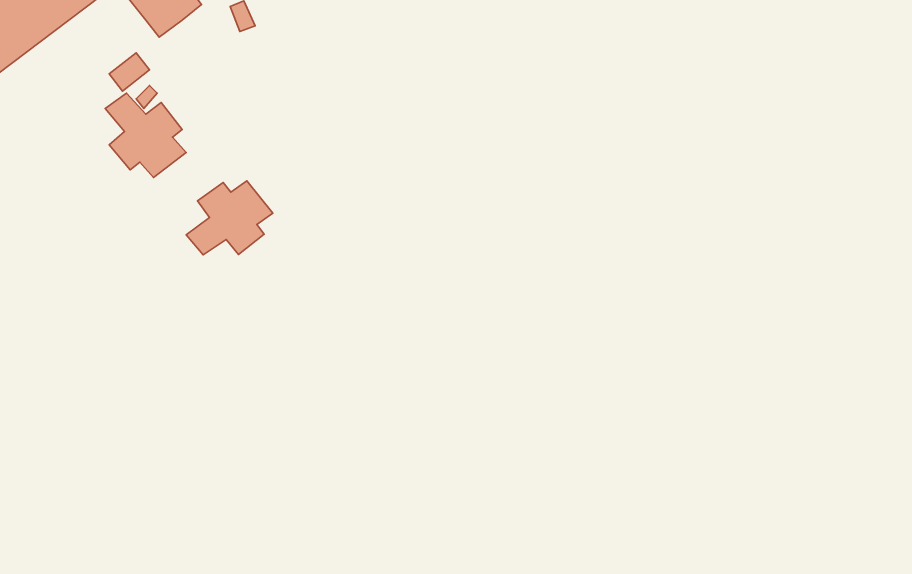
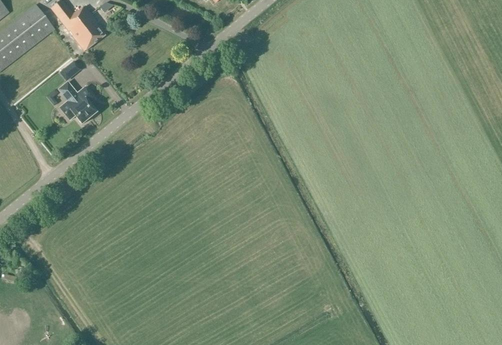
building: [186,181,273,255] -> none

